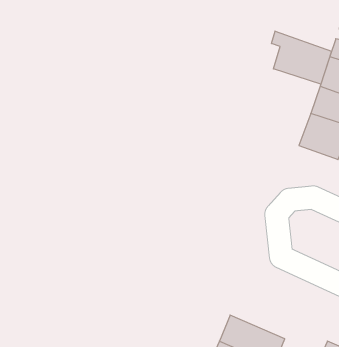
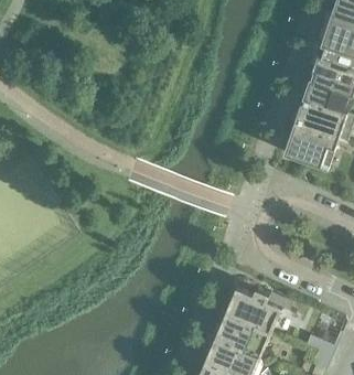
building: [272,31,331,84] -> none
building: none -> [221,280,282,333]

